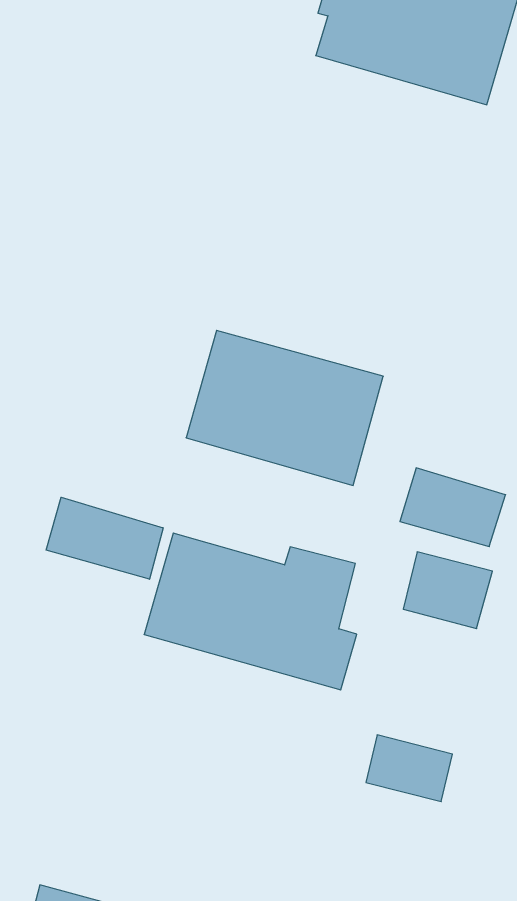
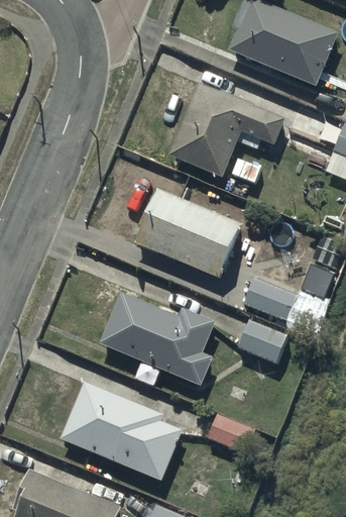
building: none -> [167,83,285,178]
building: [46,497,163,579] -> none
building: none -> [59,381,181,482]

